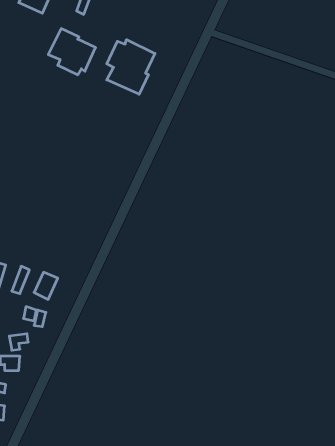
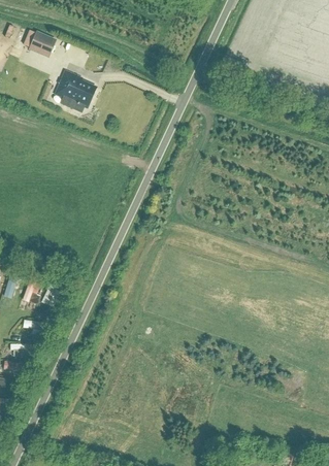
building: [107,40,155,94] -> none

